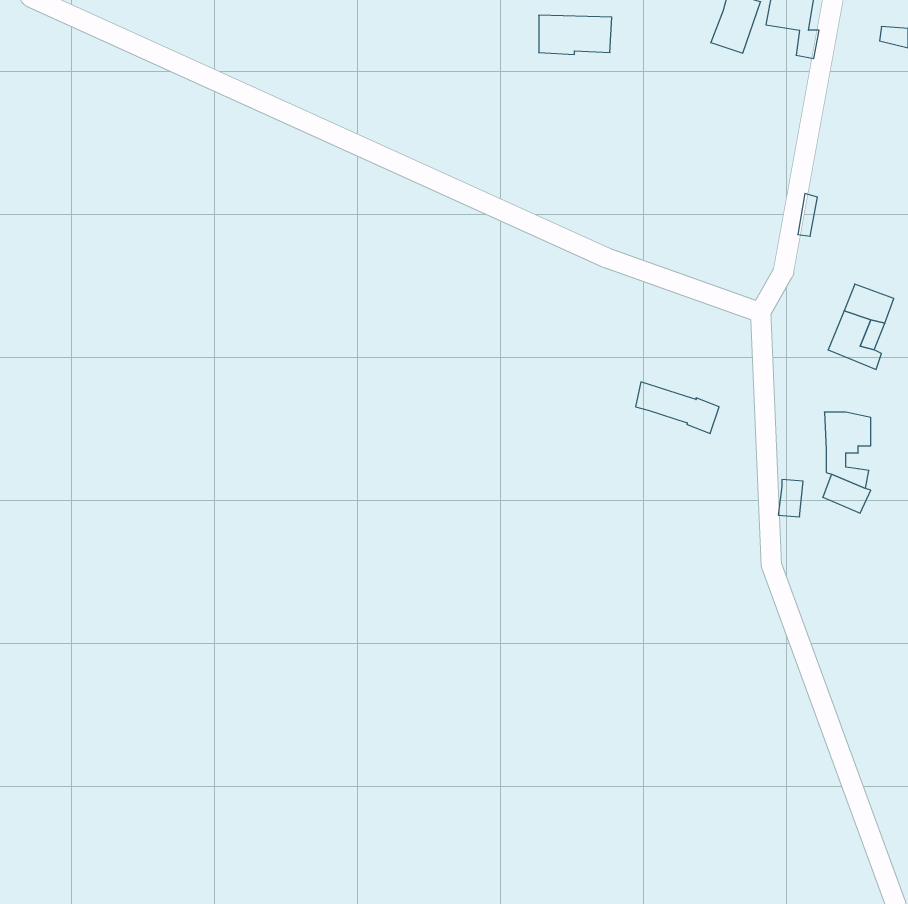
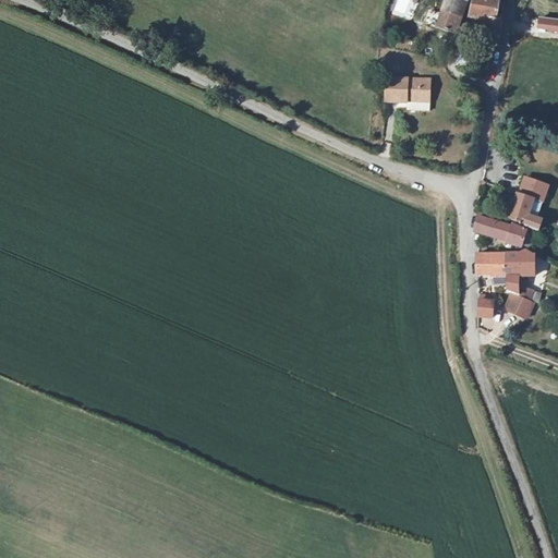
building: [539,15,612,54] -> [386,77,430,101]
building: [636,382,719,433] -> [475,215,526,246]
building: none -> [477,253,507,276]

